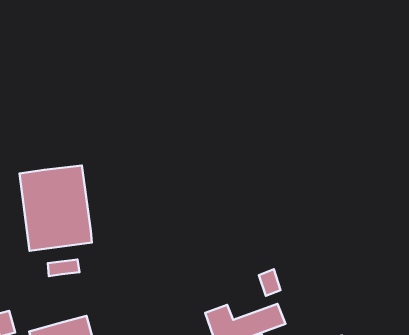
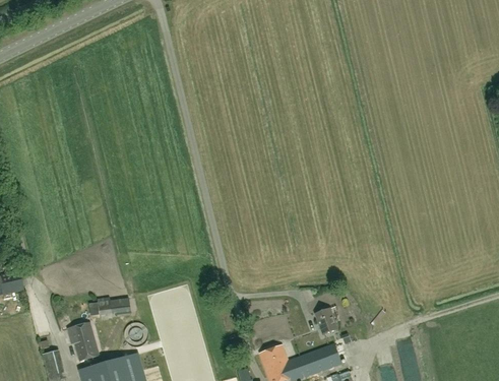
building: [19,165,92,251] -> none
building: none -> [67,321,99,361]

